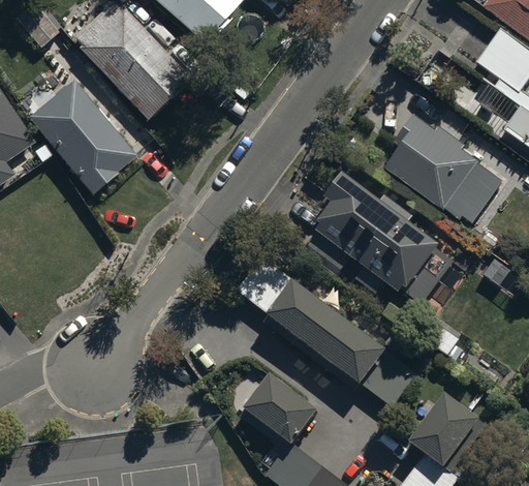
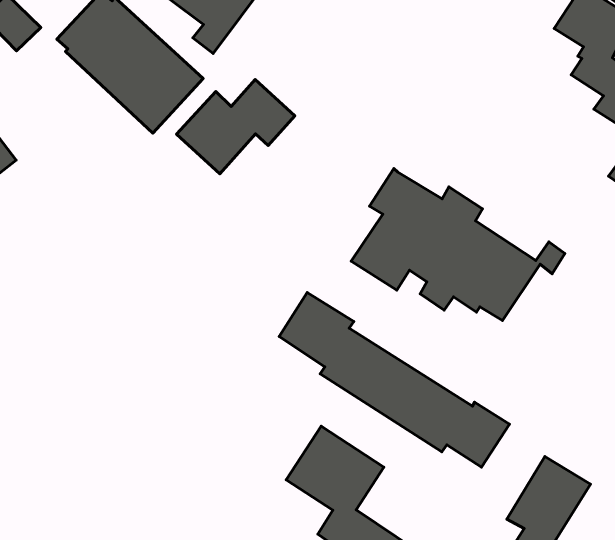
building: [28,82,136,195] -> none
building: none -> [177,80,295,174]
building: [387,117,502,223] -> none

